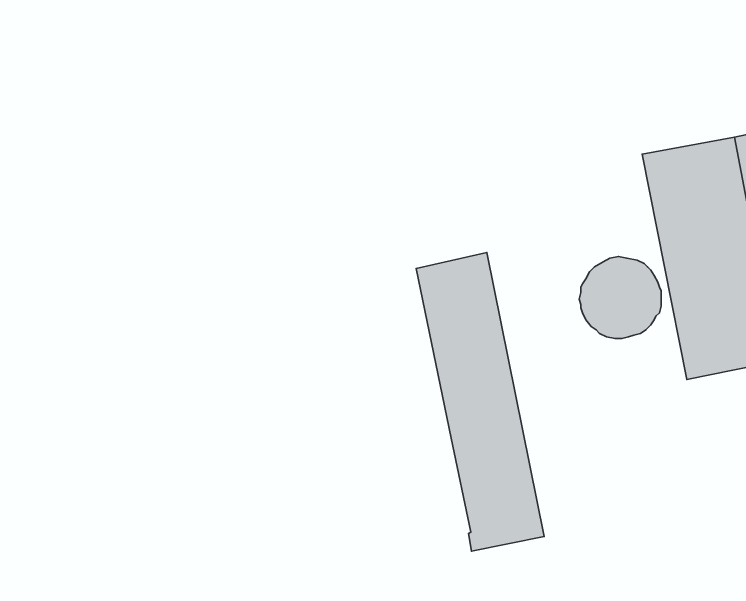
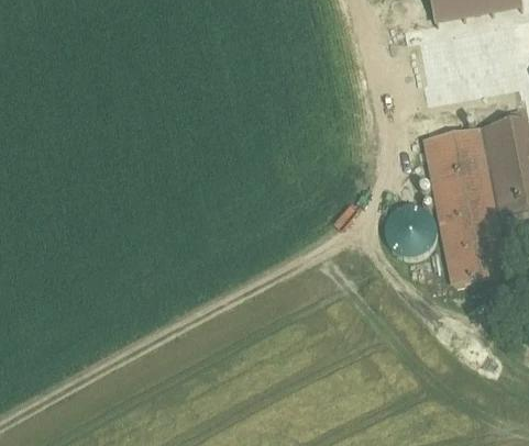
building: [416,253,544,551] -> none

